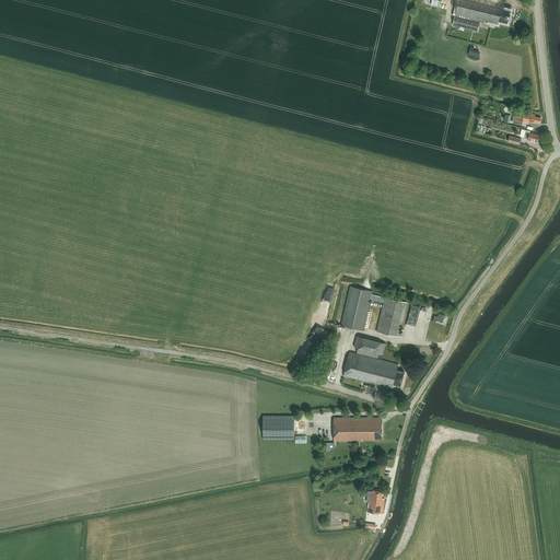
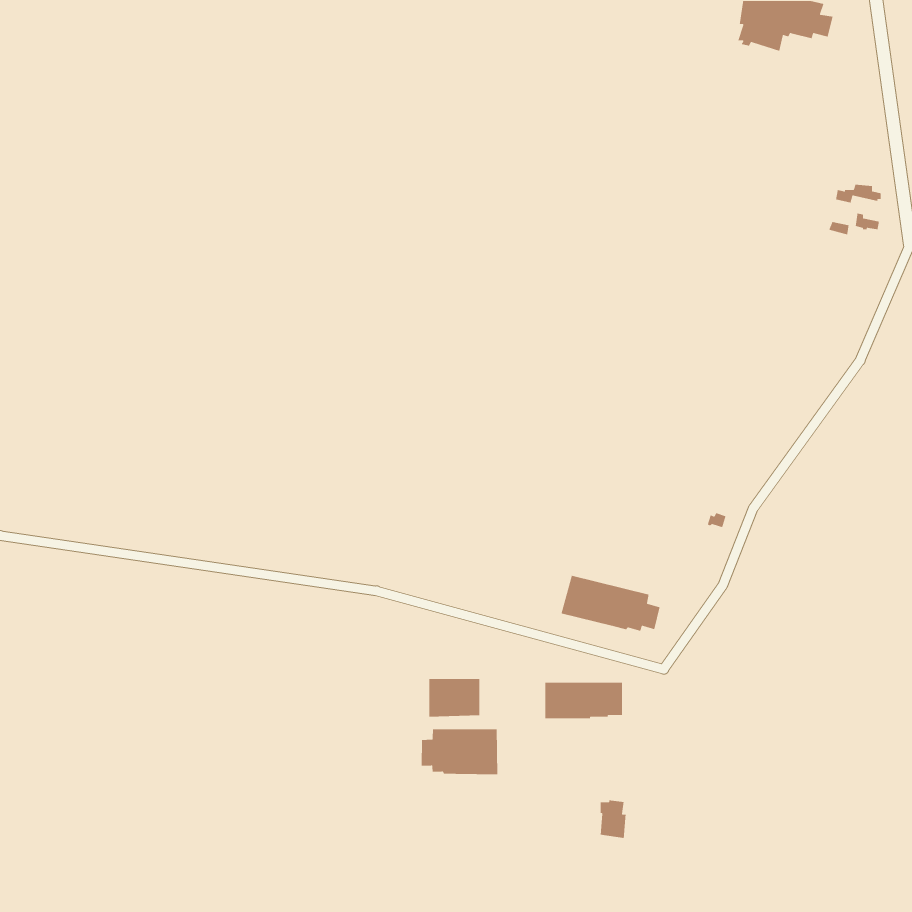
building: [340,285,408,337] -> none
building: [354,336,386,359] -> none
building: none -> [421,729,498,775]

